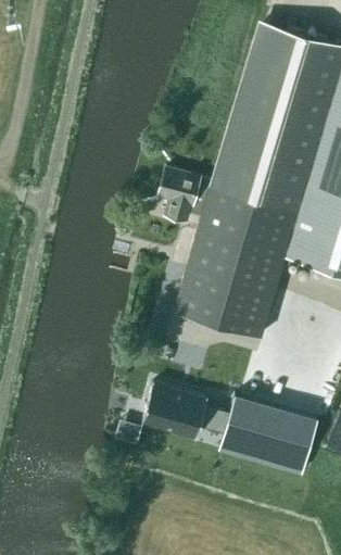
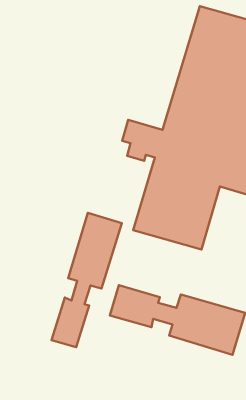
building: none -> [52,213,122,347]

